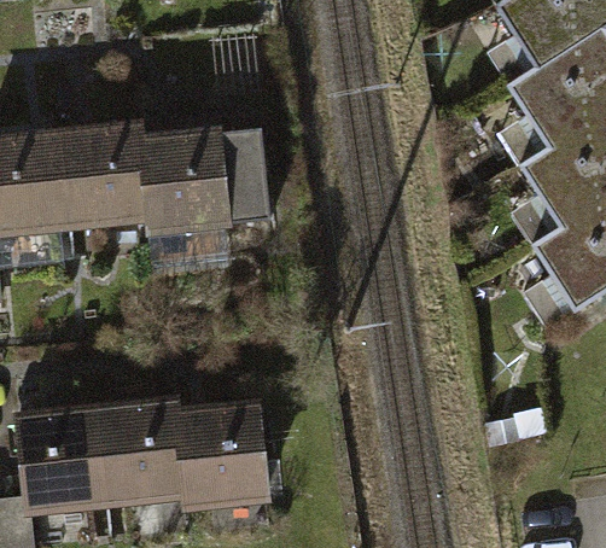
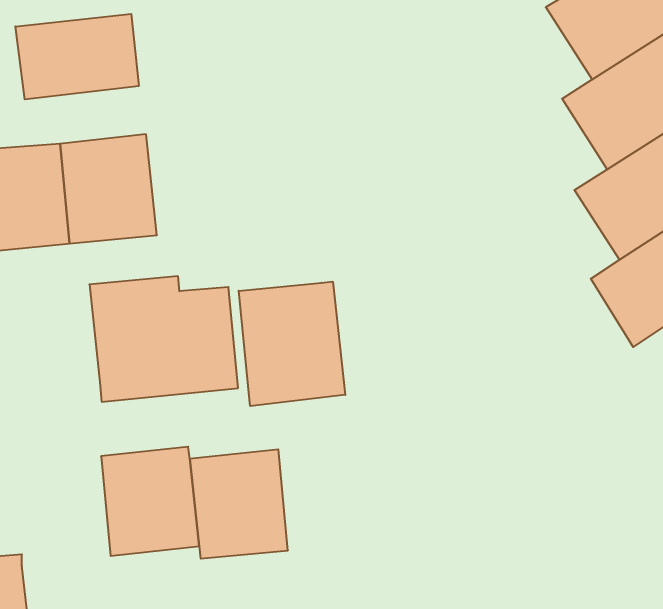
building: none -> [15,14,139,99]
building: [140,118,272,229] -> [89,276,238,402]
building: none -> [239,282,345,406]
building: [22,410,109,507] -> none

